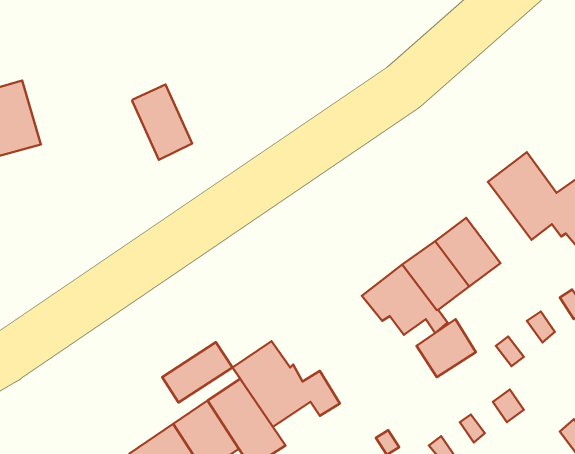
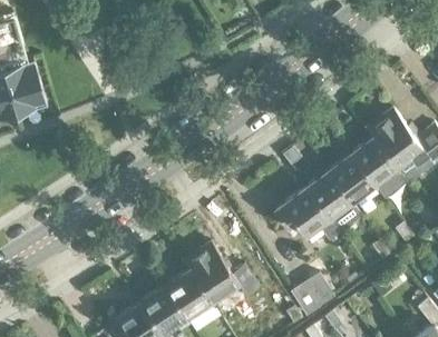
building: [132,84,192,160] -> none
building: none -> [350,140,397,189]
building: [417,319,476,377] -> [291,275,333,316]
building: [162,342,232,402] -> none

